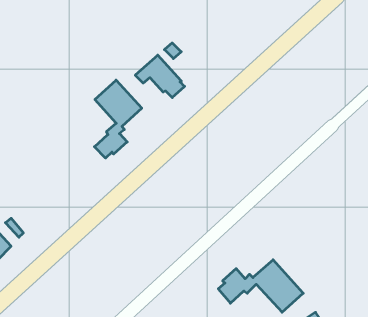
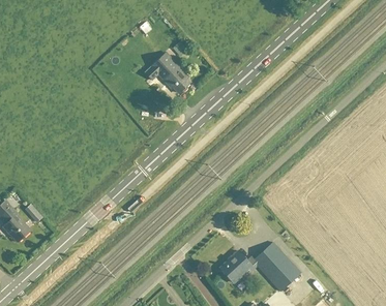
building: [94,80,142,158] -> none

